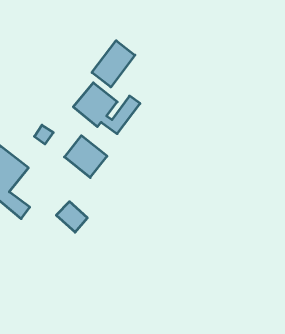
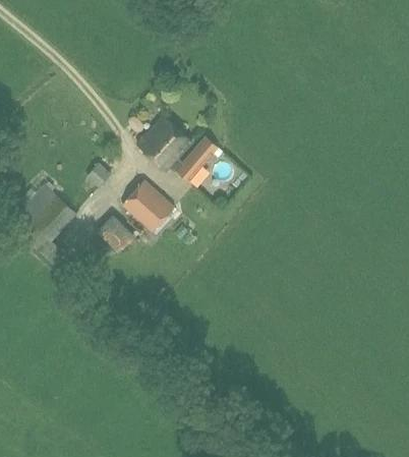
building: [92,41,135,87] -> none
building: [56,202,87,232] -> [97,216,134,253]

